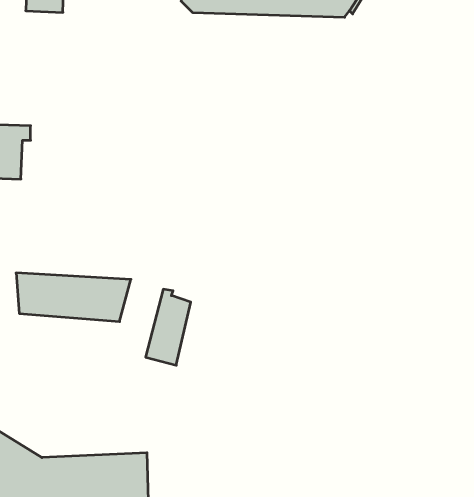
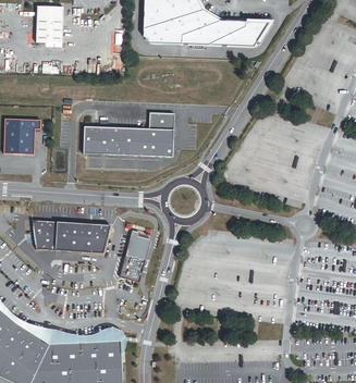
building: none -> [83,112,174,157]

